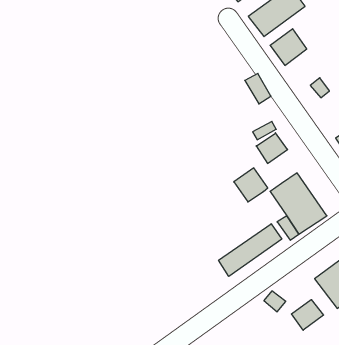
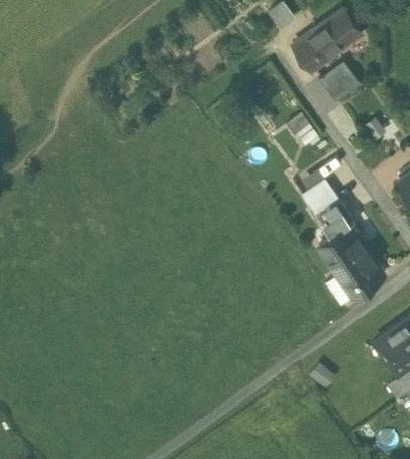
building: [234,168,268,202] -> [315,198,354,237]
building: [219,224,282,276] -> none
building: [291,300,324,330] -> none

